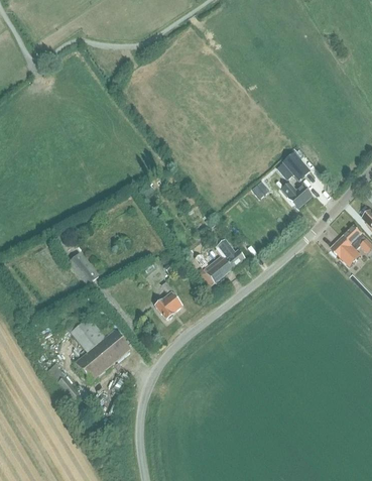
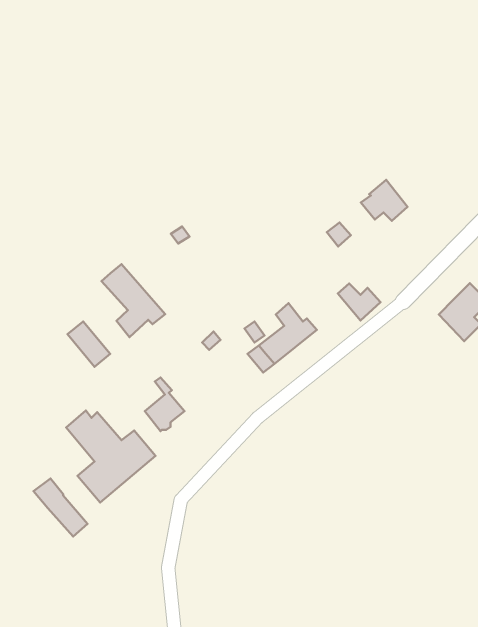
building: [281,181,312,207] -> [338,284,380,320]
building: none -> [101,264,165,337]
building: [154,280,182,319] -> [145,377,185,431]

